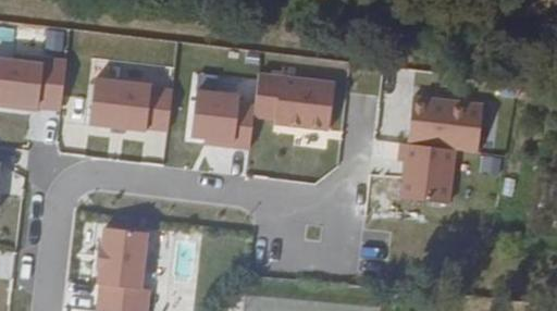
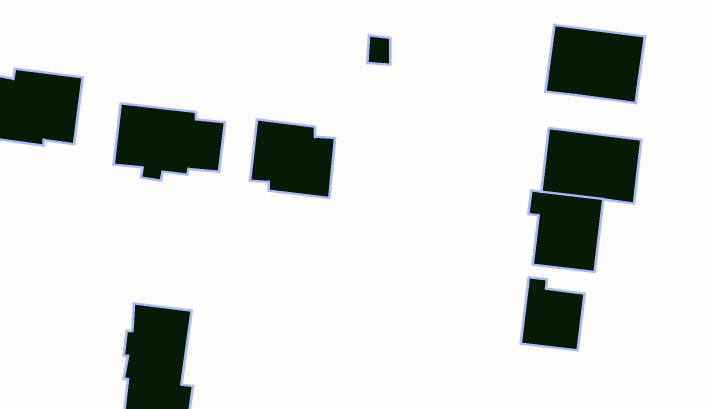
building: none -> [545,25,645,103]
building: [255,74,336,130] -> none
building: none -> [521,277,584,350]

